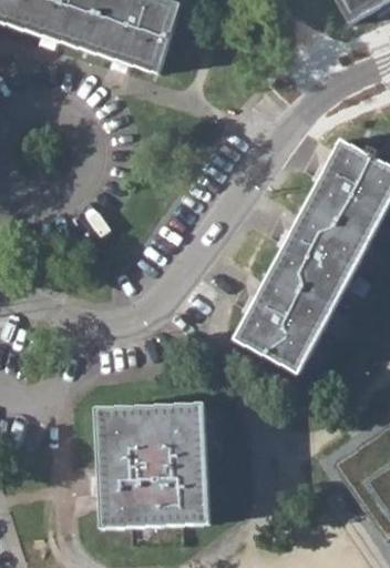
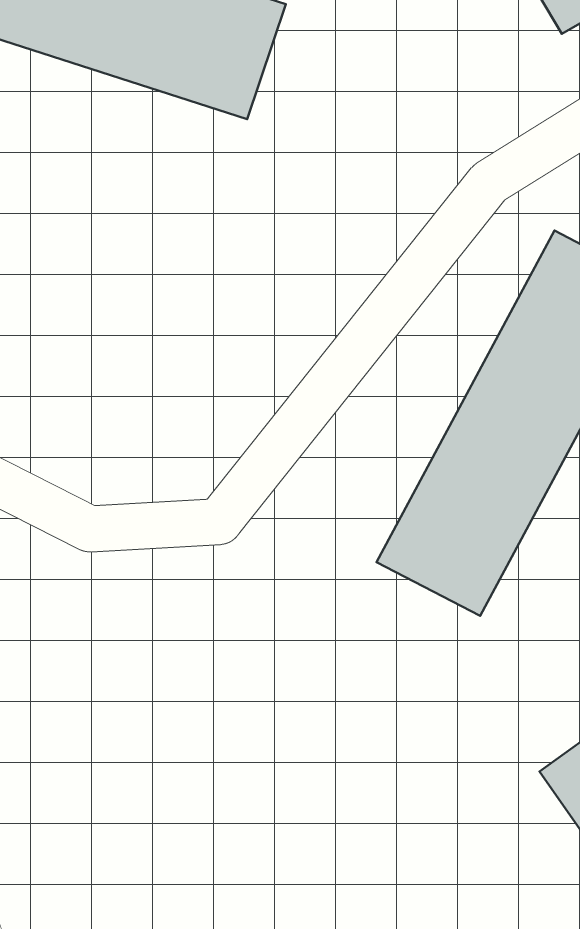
building: [94,402,208,528] -> none

